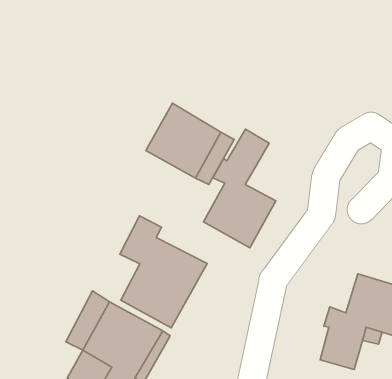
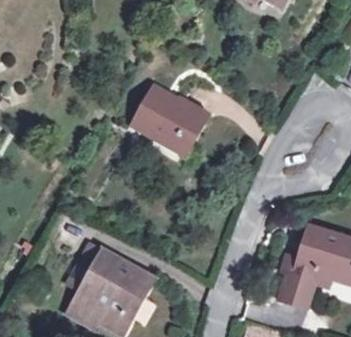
building: [204,129,276,248] -> none
building: [120,216,207,328] -> none

